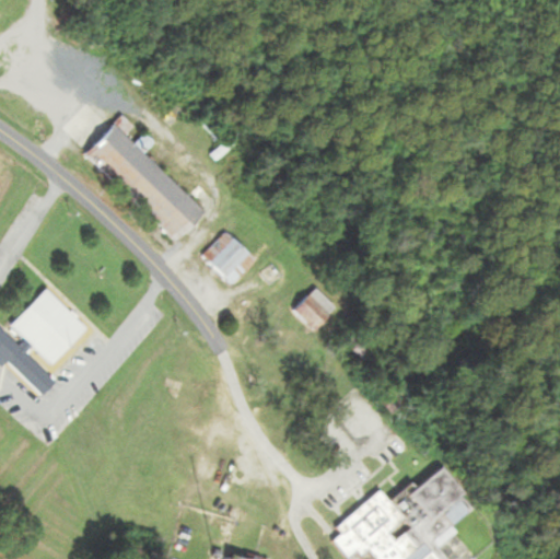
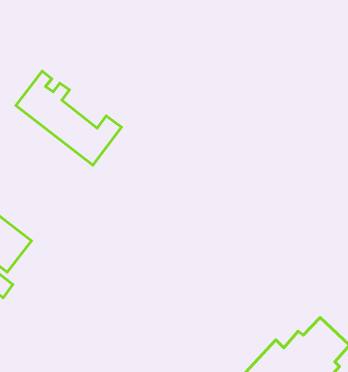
building: [202,231,256,284] -> none
building: [293,287,336,329] -> none

